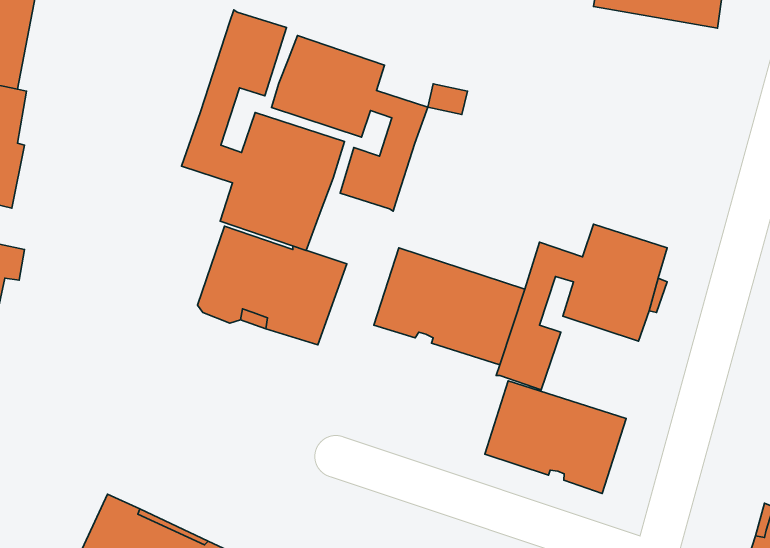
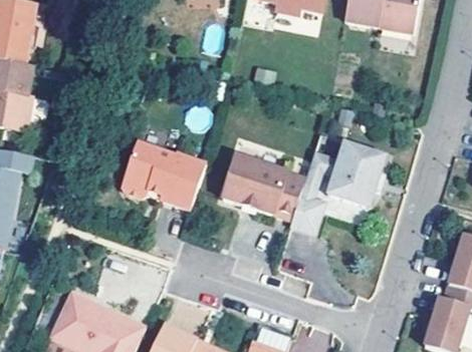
building: [182,10,344,250] -> none
building: [272,36,428,211] -> none
building: [485,381,626,493] -> none

